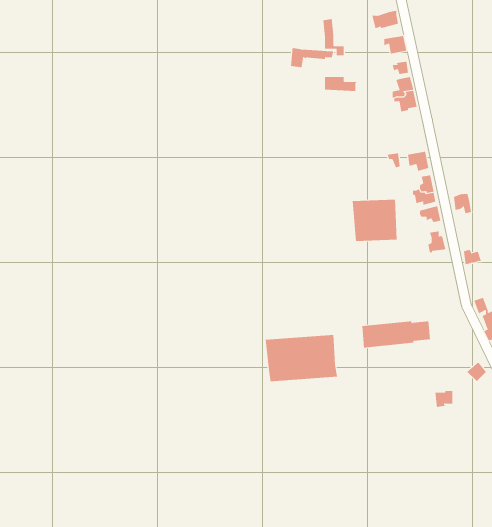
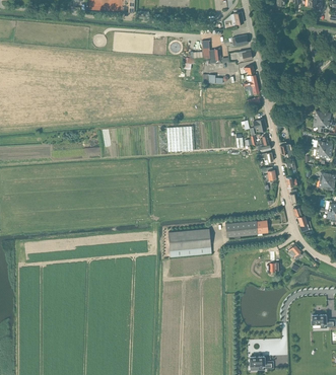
building: [352,199,398,241] -> [166,126,194,151]

